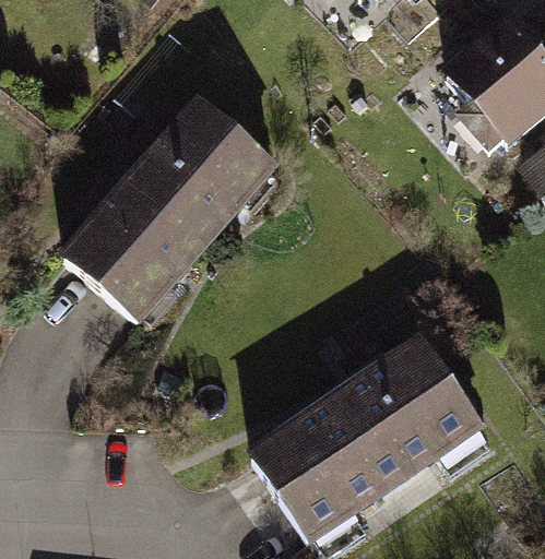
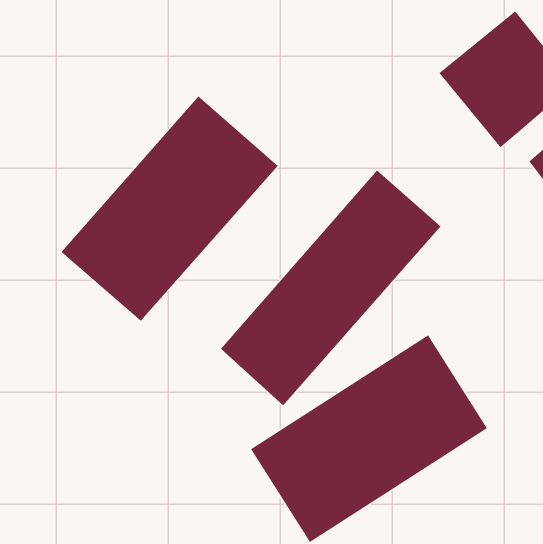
building: none -> [220,169,441,406]

